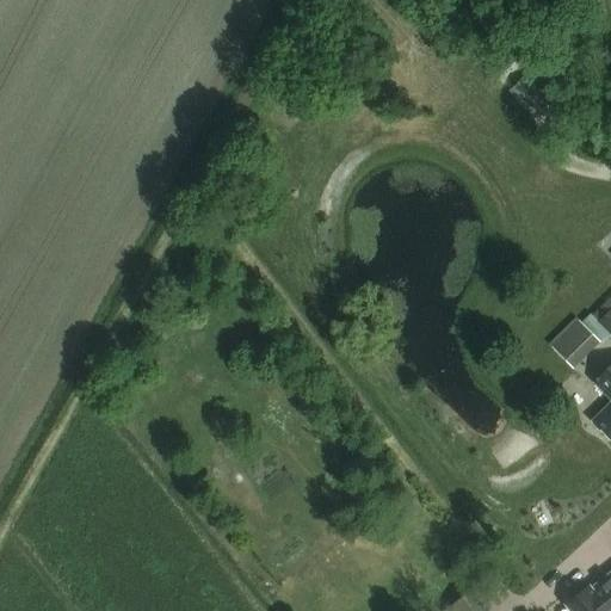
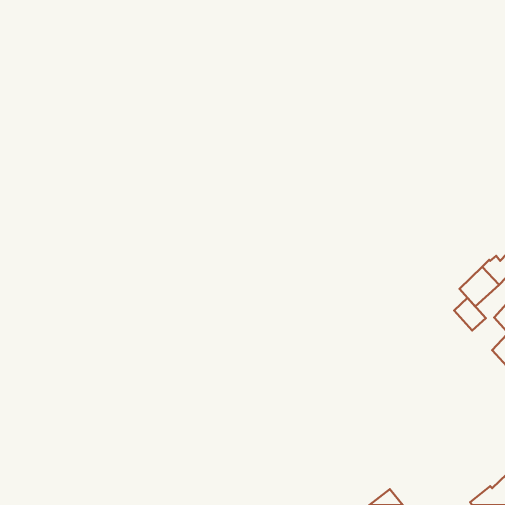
building: none -> [454,298,486,330]

